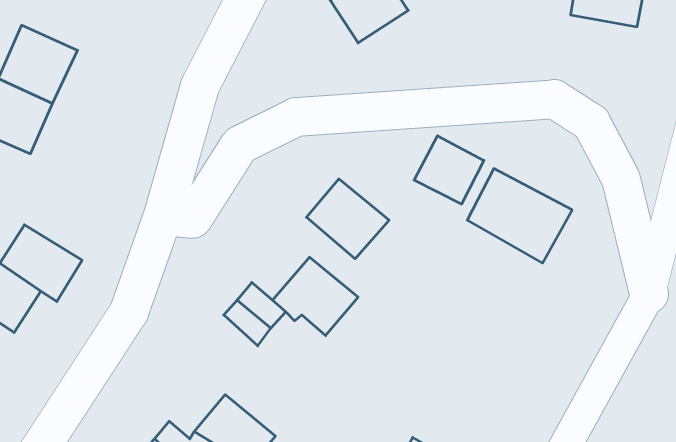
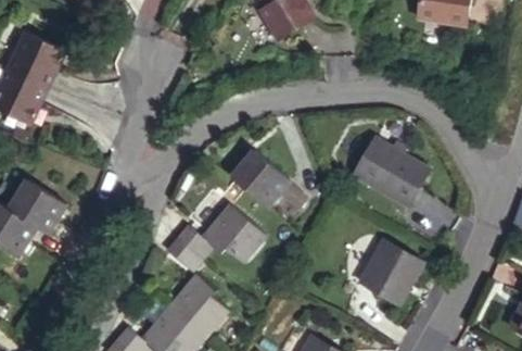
building: [414,136,484,204] -> none
building: none -> [358,239,420,301]
building: none -> [173,269,232,333]

